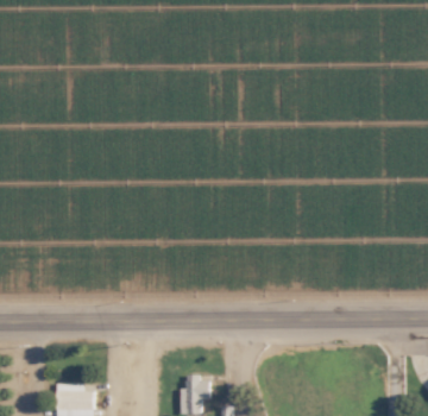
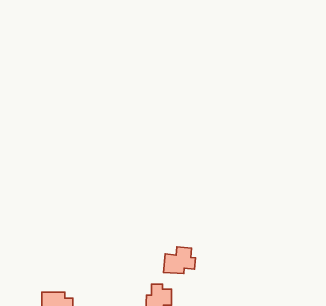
building: none -> [163,247,195,273]

